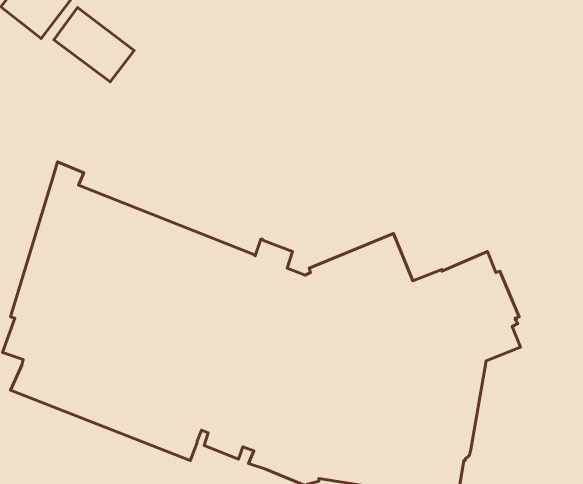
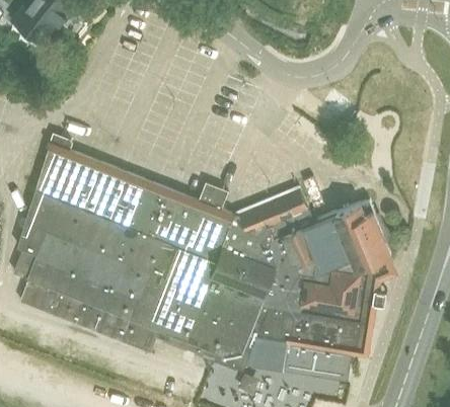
building: [54,8,134,82] -> none

